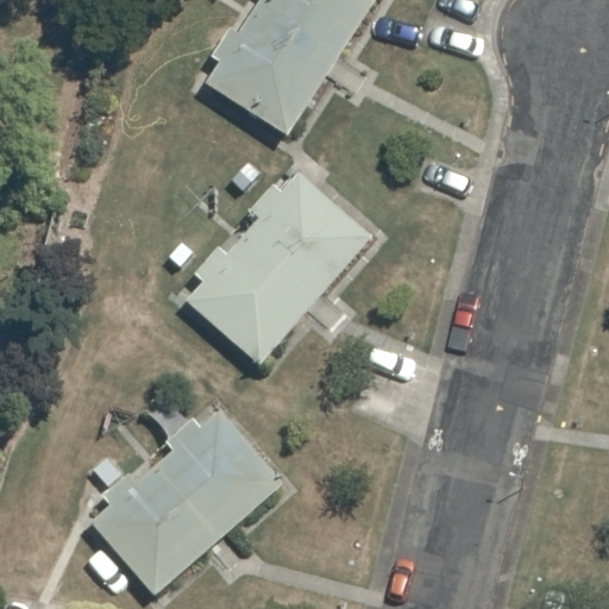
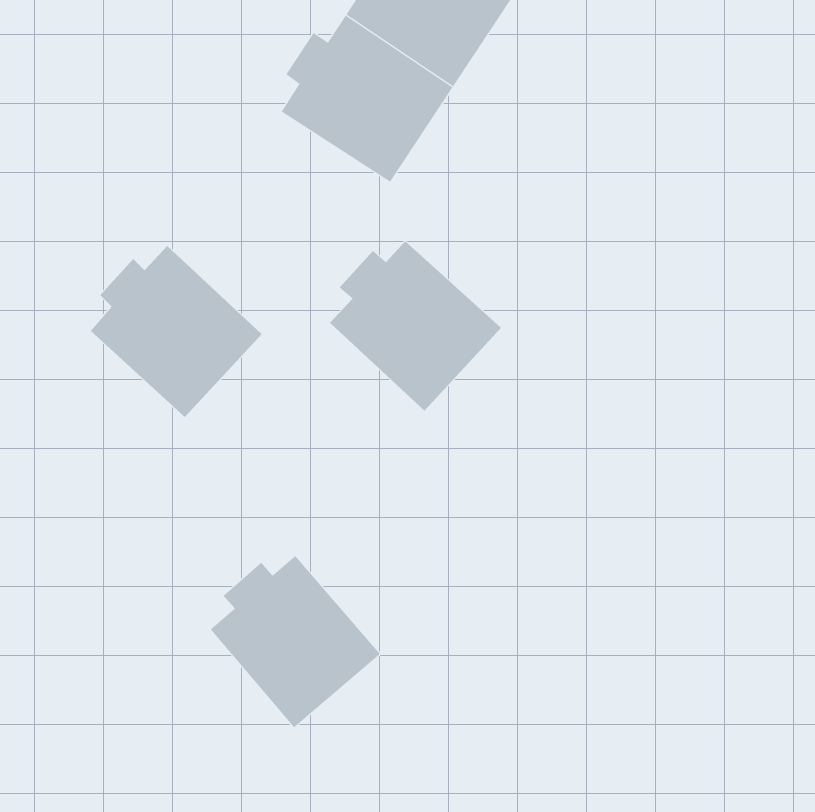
building: [186,238,313,365] -> [90,245,262,418]
building: [90,464,216,592] -> none

